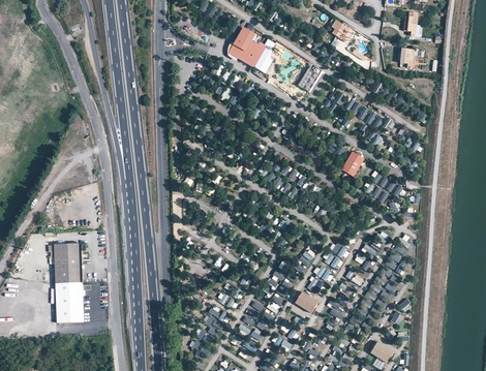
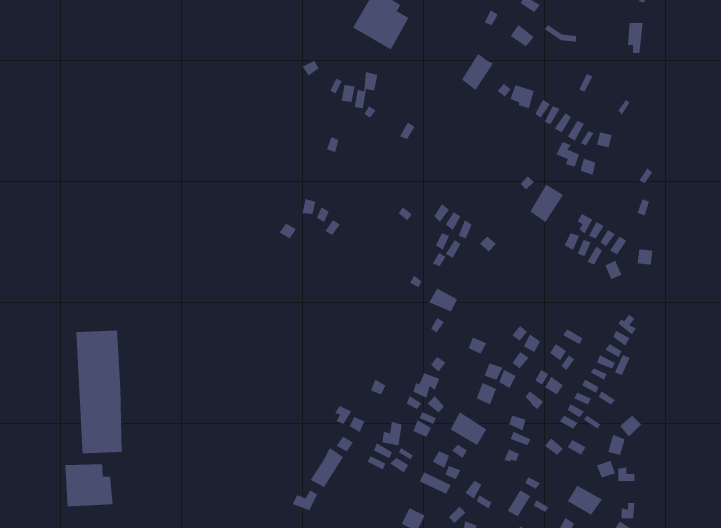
building: none -> [65,463,113,507]

